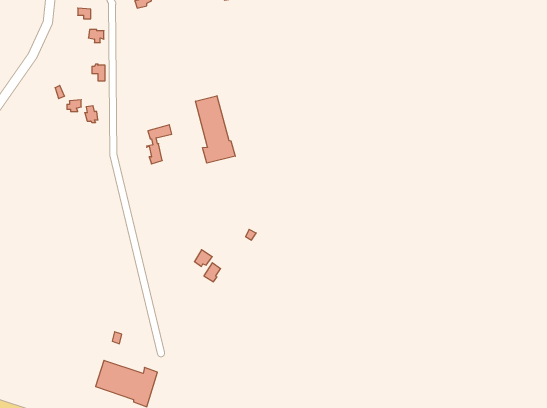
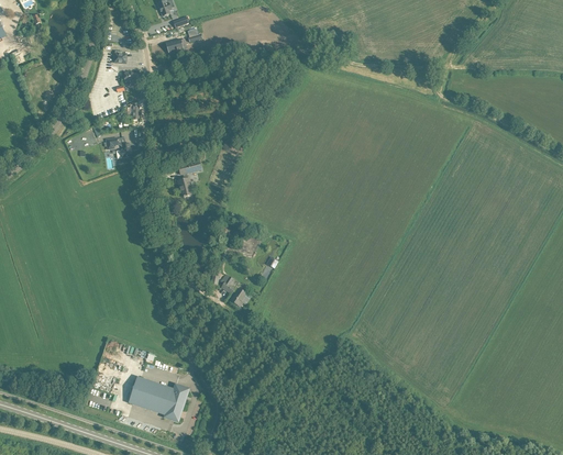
building: [196,96,235,163] -> none

